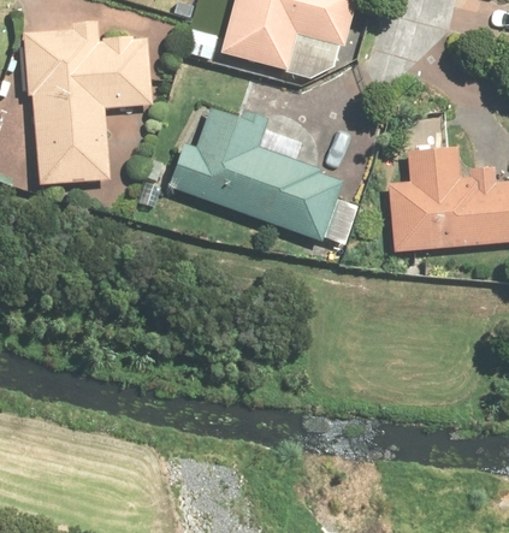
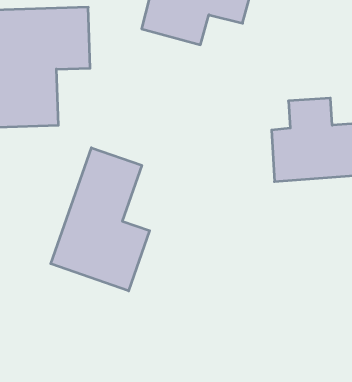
building: [162,91,348,241] -> none
building: none -> [51,148,150,291]

